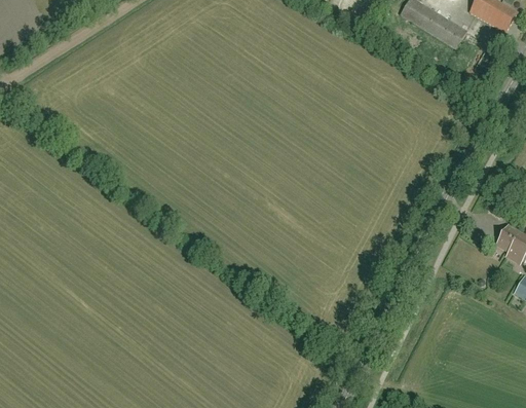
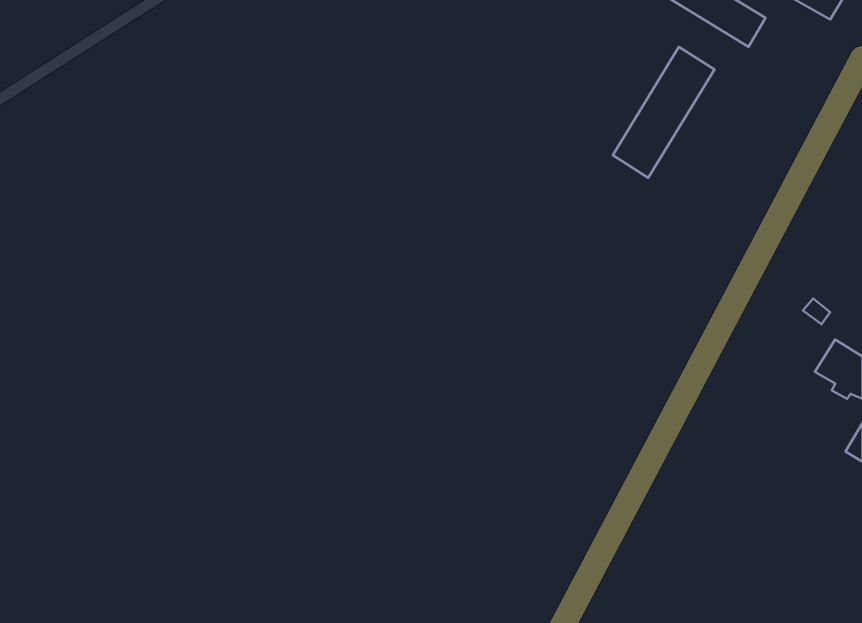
building: none -> [613,47,714,178]

